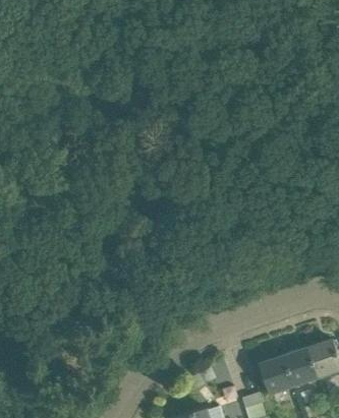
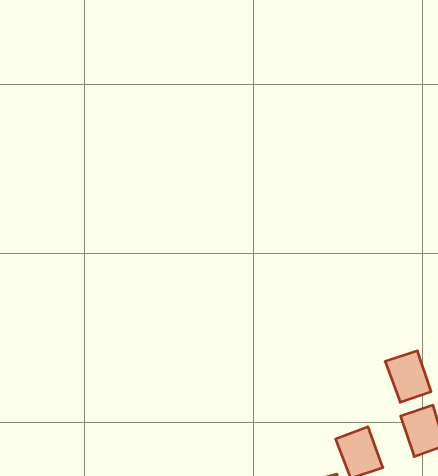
building: [284,348,319,386] -> [385,351,431,402]

